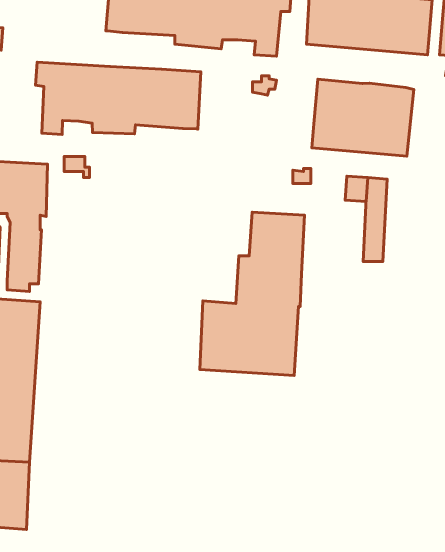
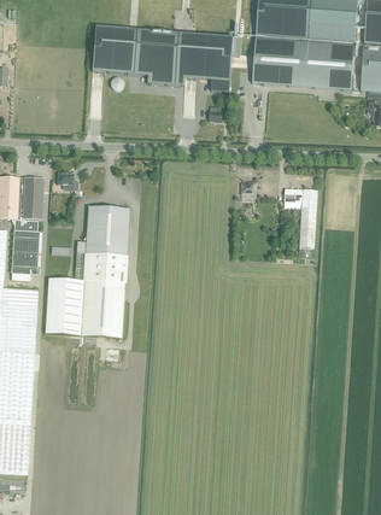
building: [36,62,201,134] -> none
building: [312,79,414,156] -> none
building: [200,212,305,376] -> [46,205,130,336]

